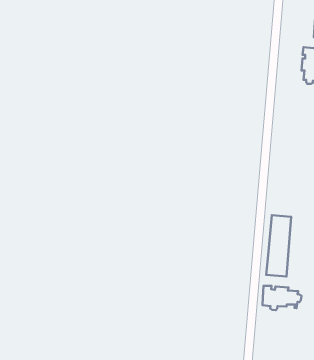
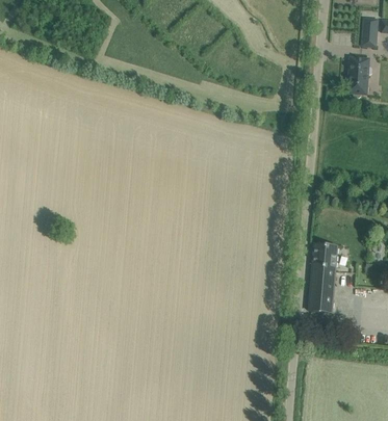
building: [263,286,301,310] -> none

